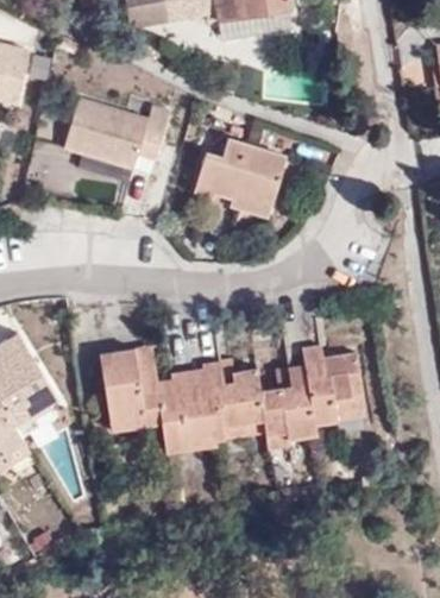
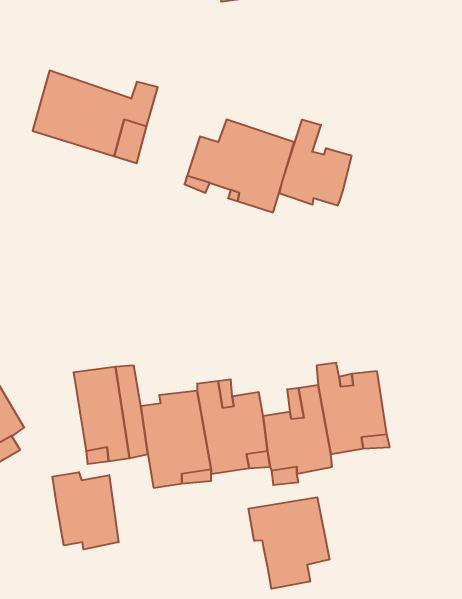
building: none -> [279,120,352,206]
building: none -> [52,472,119,549]
building: none -> [248,497,329,589]

